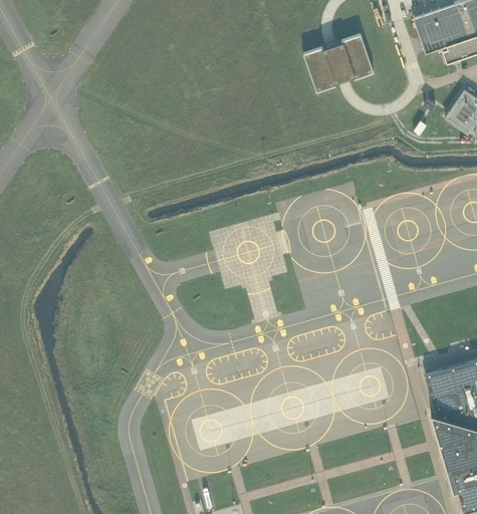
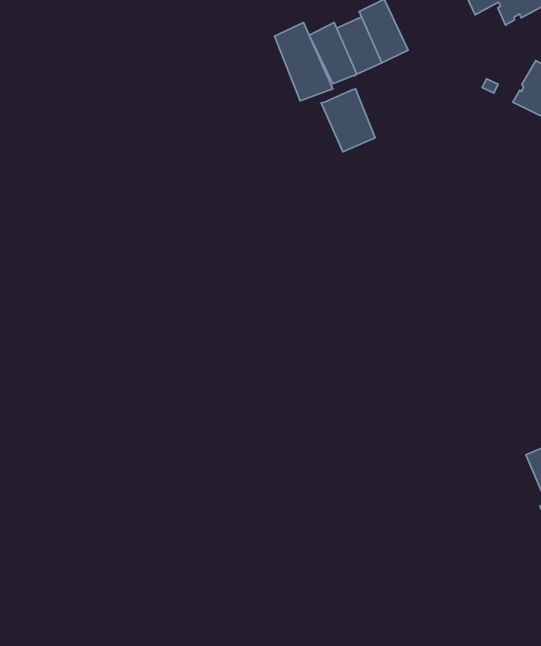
building: none -> [275,22,333,101]
building: none -> [321,89,375,152]

